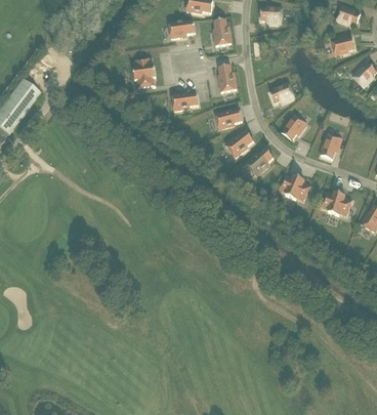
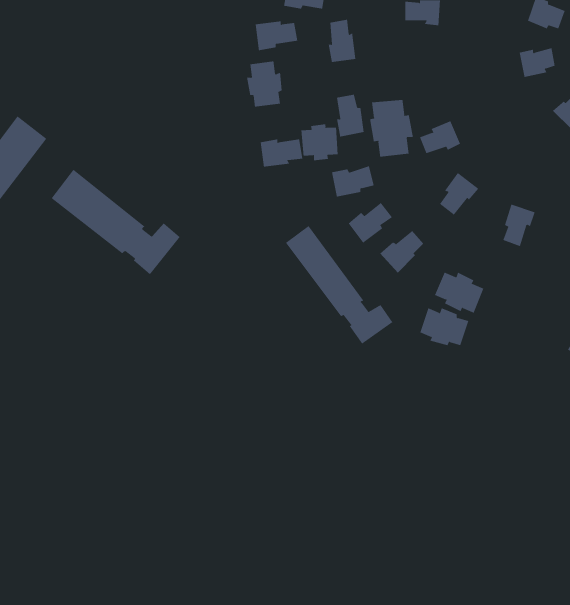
building: [132,57,155,86] -> [246,61,283,107]
building: none -> [369,99,413,157]
building: none -> [301,123,338,161]
building: none -> [51,169,181,275]
building: none -> [285,225,393,345]
building: [321,191,351,214] -> [419,308,469,346]

